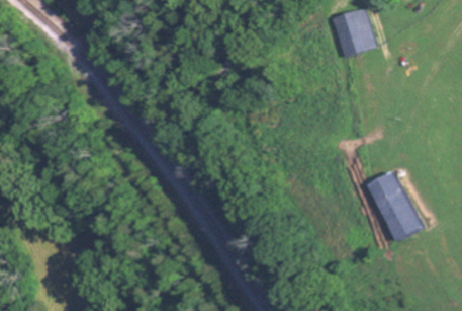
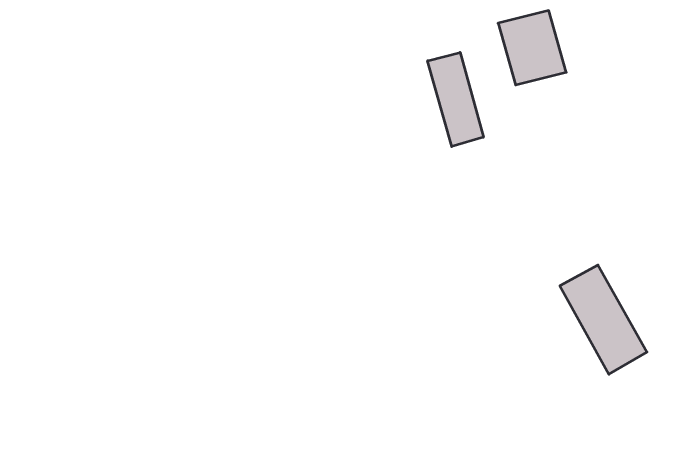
building: none -> [428,52,483,147]

